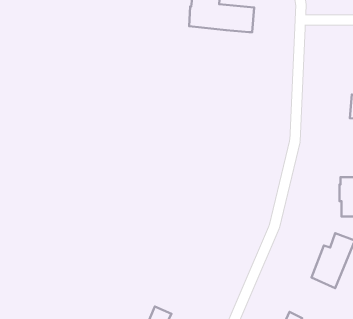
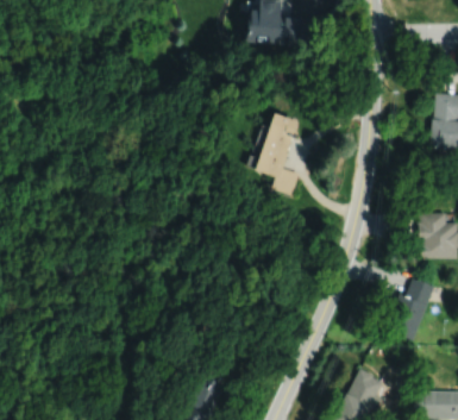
building: none -> [255,112,300,194]

